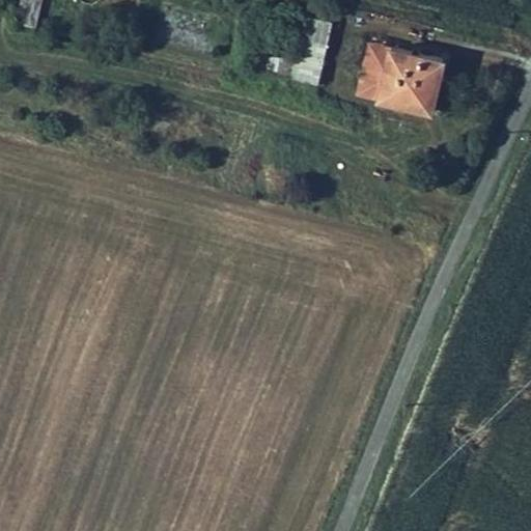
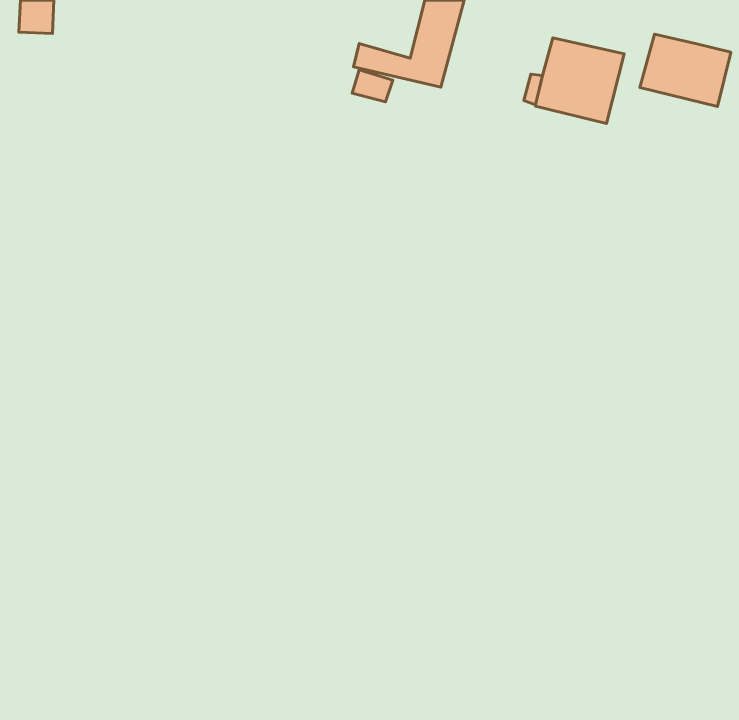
building: none -> [640,34,731,106]

